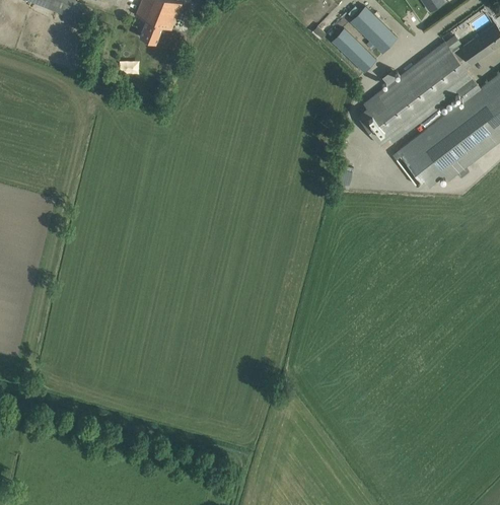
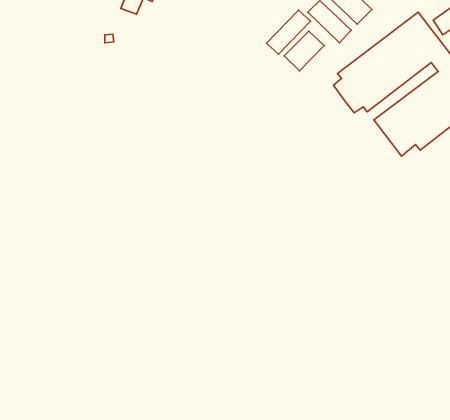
building: none -> [267,10,310,54]
building: none -> [284,31,324,71]

